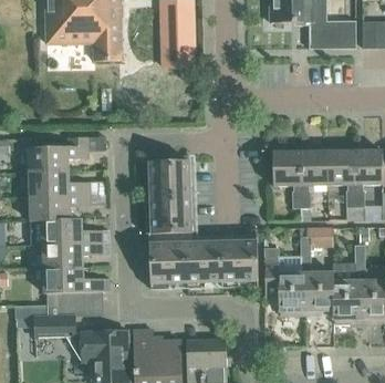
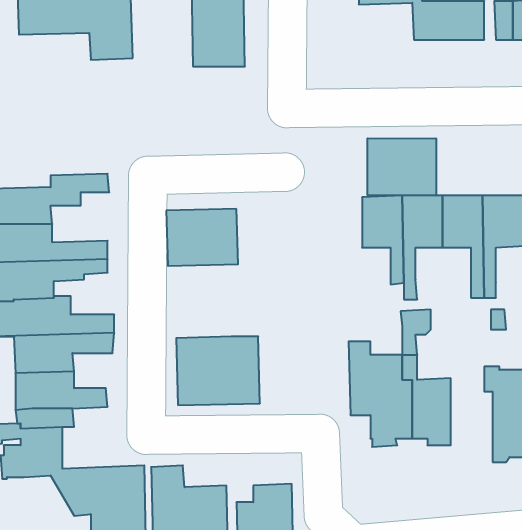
building: none -> [368,138,436,196]
building: [145,195,192,244] -> none
building: [205,240,259,287] -> none
building: [332,245,364,325] -> none

